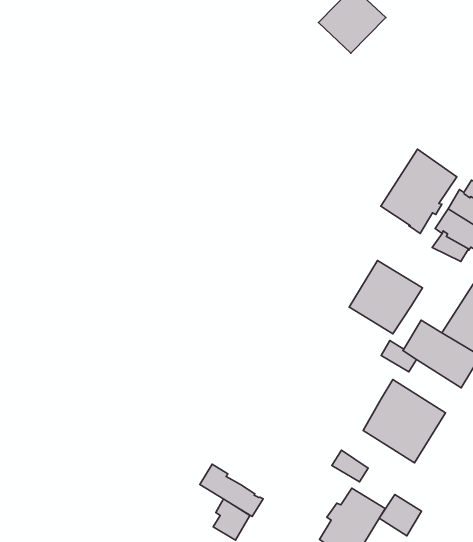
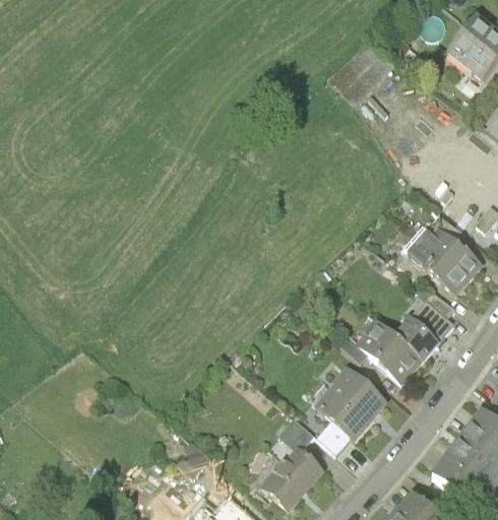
building: [381,149,457,234] -> none
building: [349,261,423,334] -> none
building: [200,464,263,516] -> none
building: [379,494,421,536] -> [316,418,352,454]

